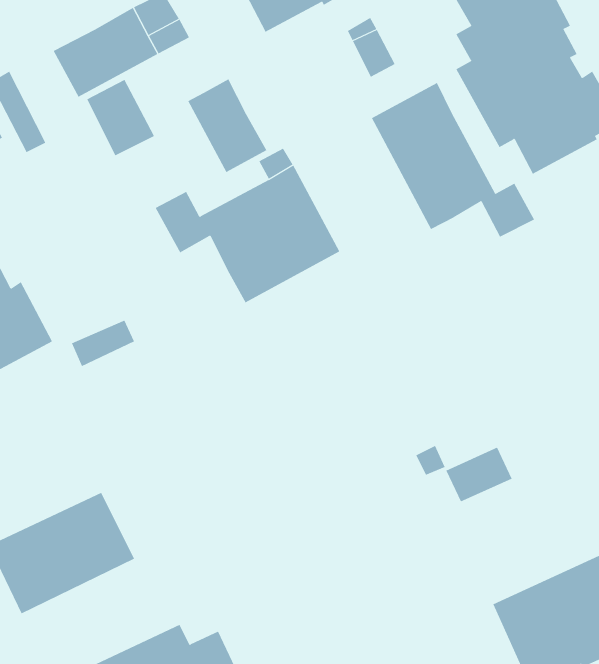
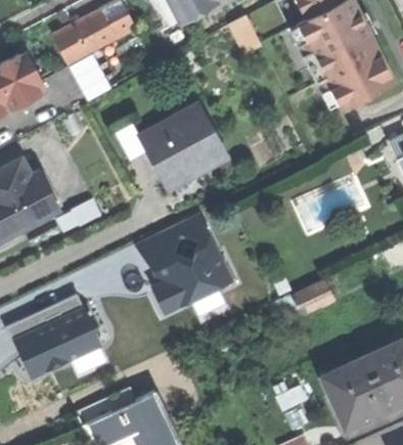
building: [188,79,267,173] -> none
building: [371,82,535,238] -> none
building: none -> [139,215,233,316]

